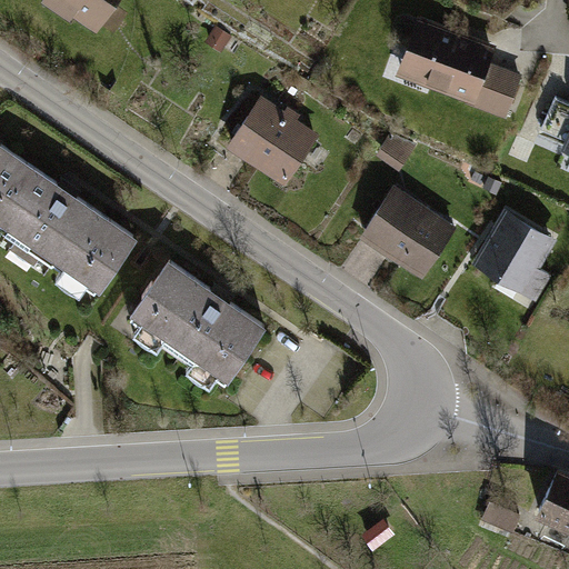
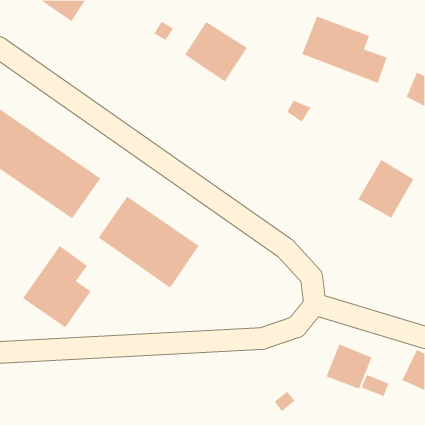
building: [231,101,316,182] -> [184,21,248,82]
building: [362,191,452,276] -> none
building: none -> [22,245,92,328]
building: none -> [326,344,372,390]

